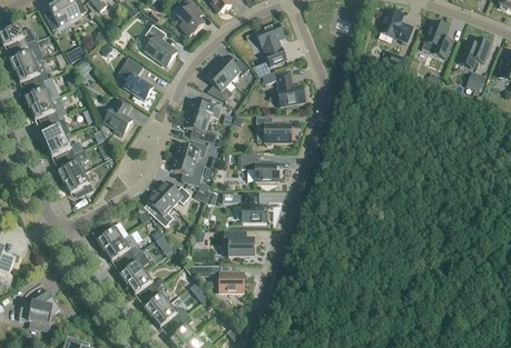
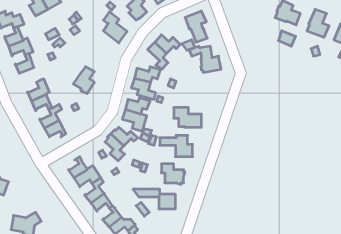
building: [119,57,154,99] -> none
building: [30,96,67,120] -> none
building: [256,116,292,145] -> none

